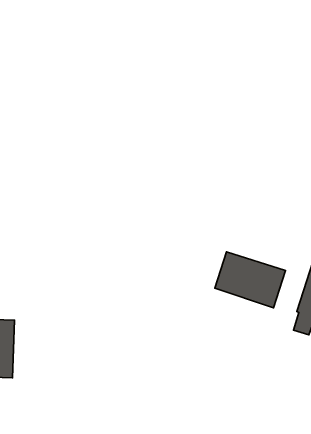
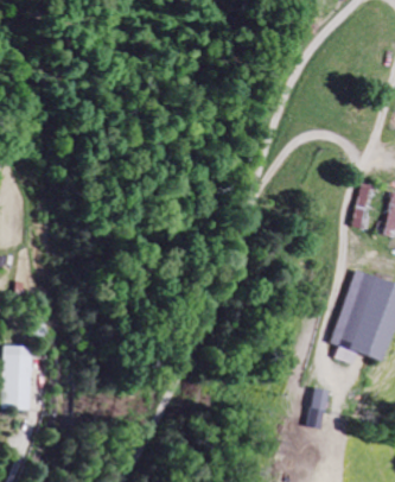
building: [215,252,285,308] -> none

